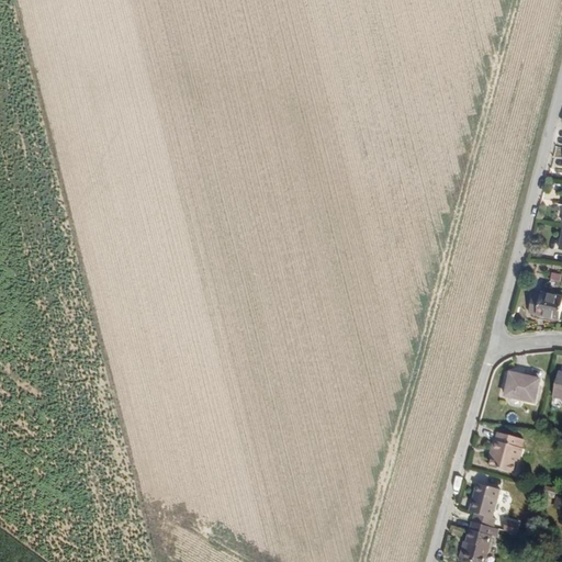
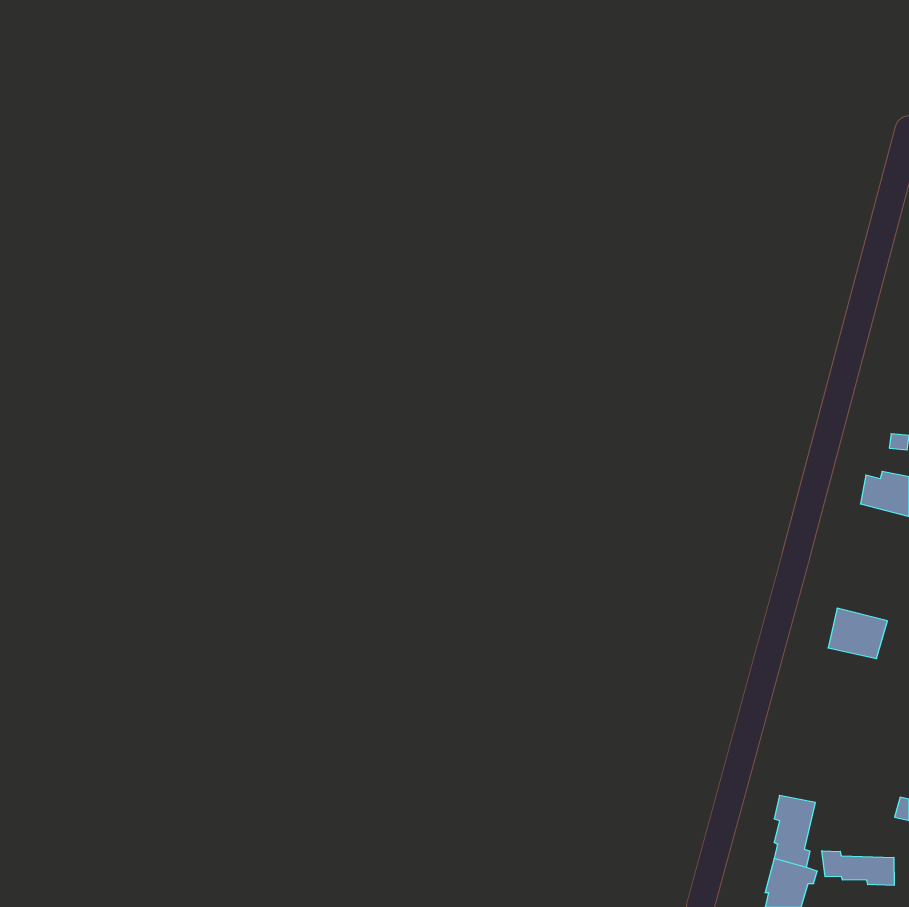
building: [488,432,522,473] -> none
building: none -> [822,851,894,885]

